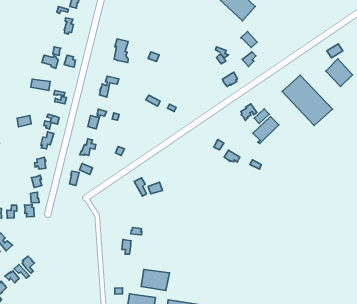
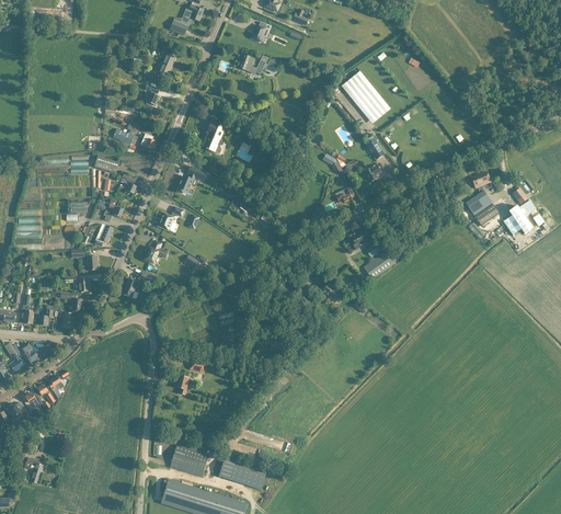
building: [282,75,332,125] -> none
building: [141,270,169,290] -> none

